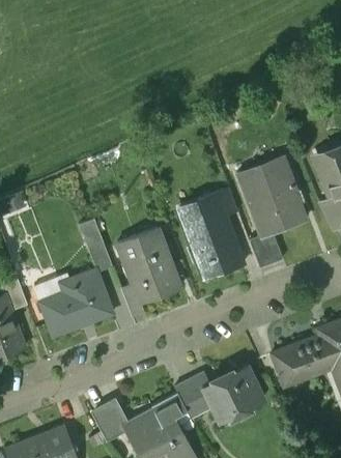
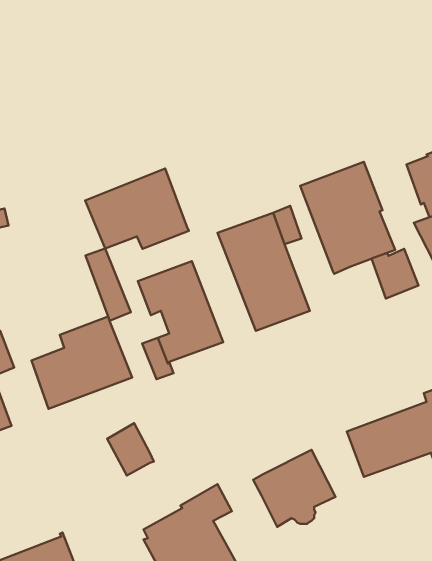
building: none -> [85,168,189,249]
building: [249,232,283,268] -> [372,249,418,298]
building: [174,372,209,410] -> none
building: [91,402,125,440] -> [107,423,154,476]

